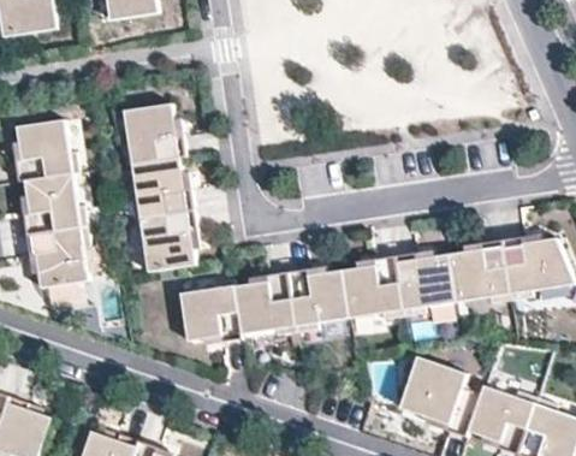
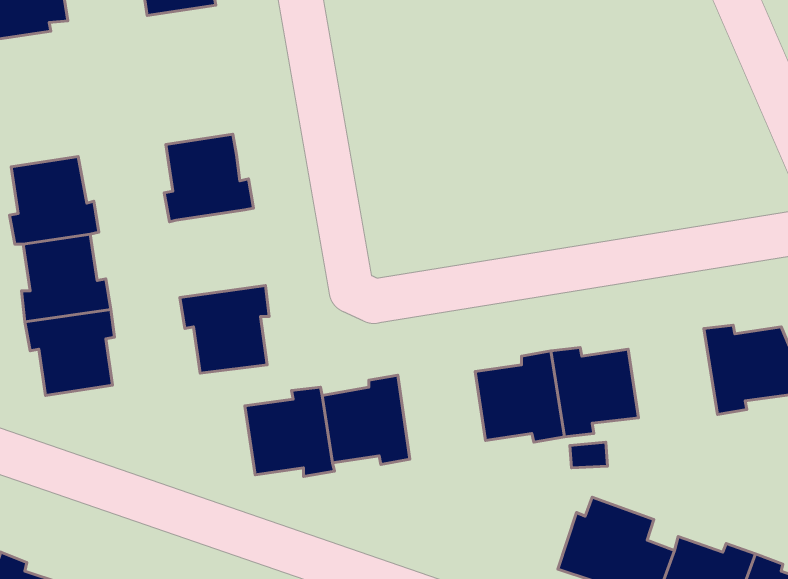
building: [131,156,194,218] -> none
building: [447,239,510,303] -> none
building: [286,268,348,331] -> none

